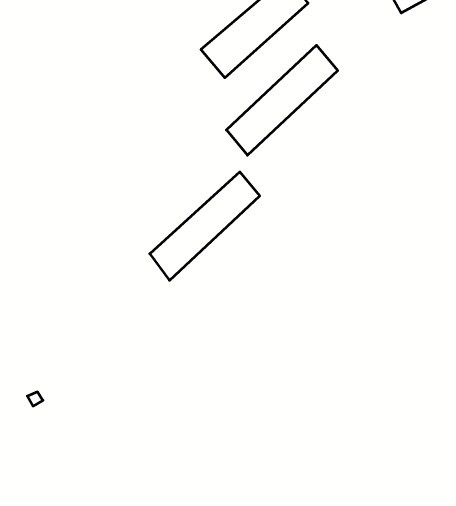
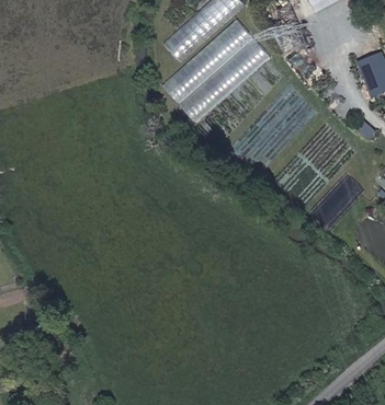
building: [150,172,260,280] -> [165,20,250,104]

